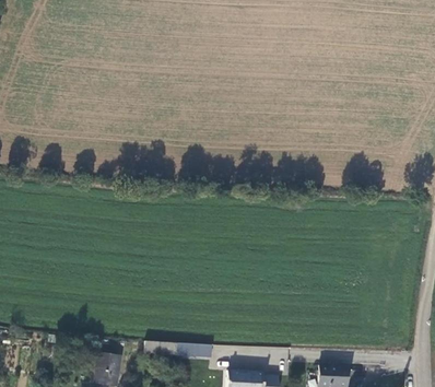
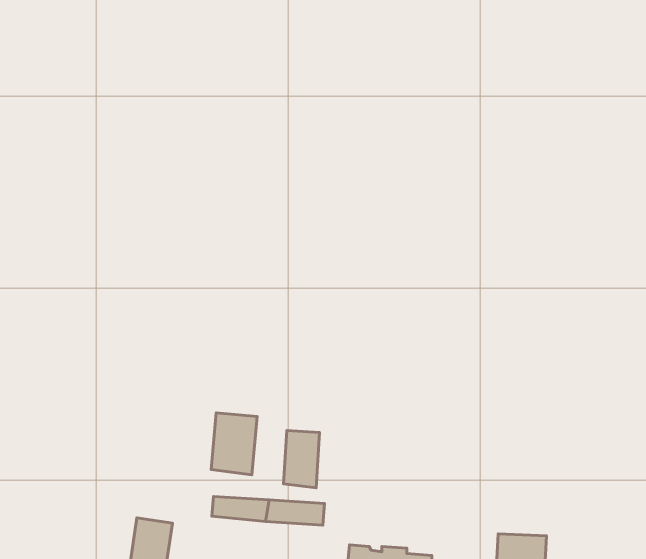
building: none -> [211,413,257,475]
building: none -> [284,431,320,488]

